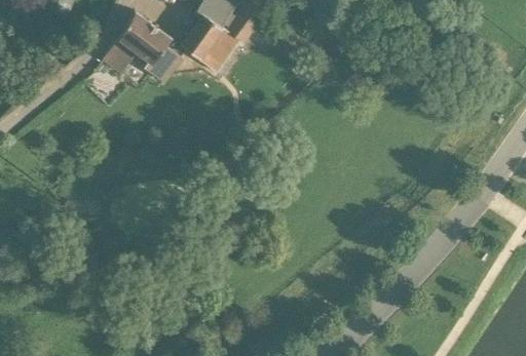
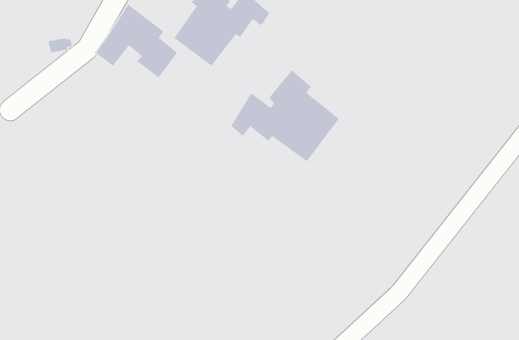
building: none -> [230,69,340,162]

